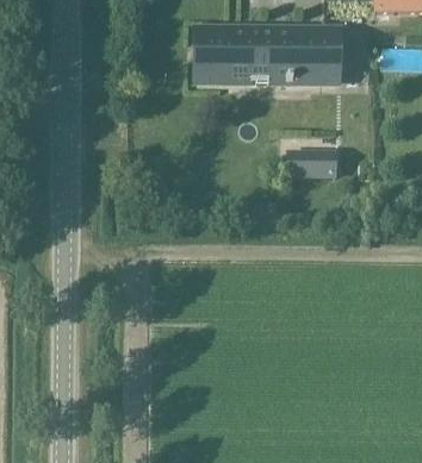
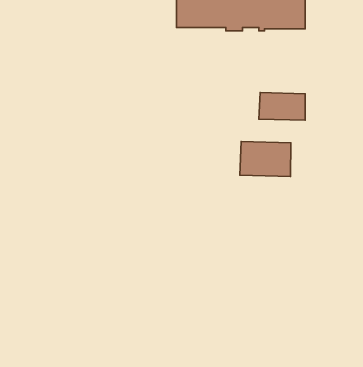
building: none -> [240,142,291,176]

